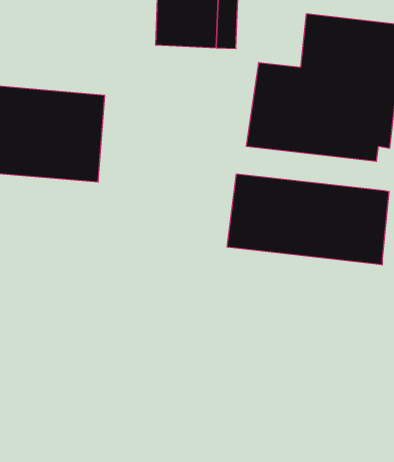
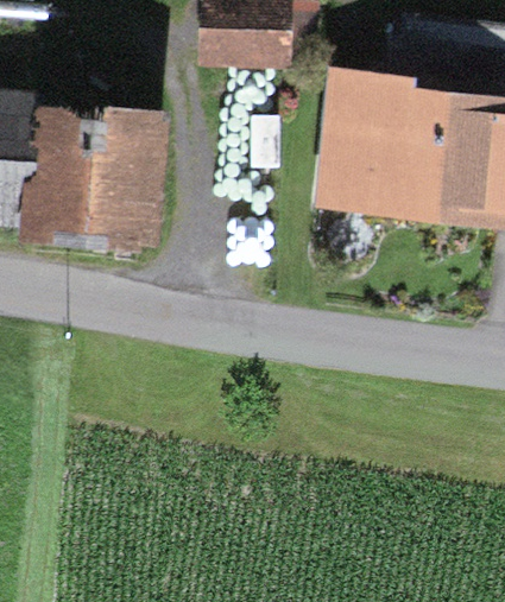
building: [227,174,389,265] -> none

